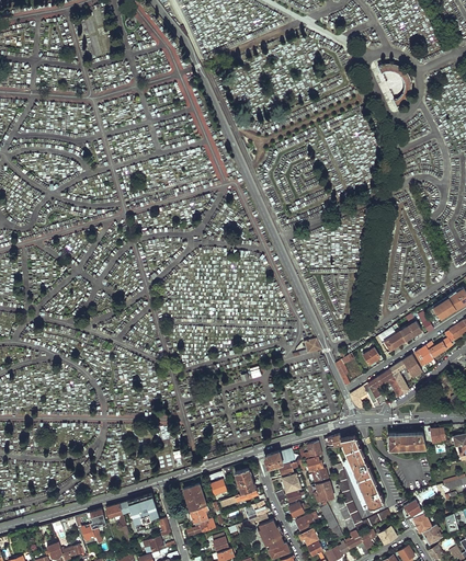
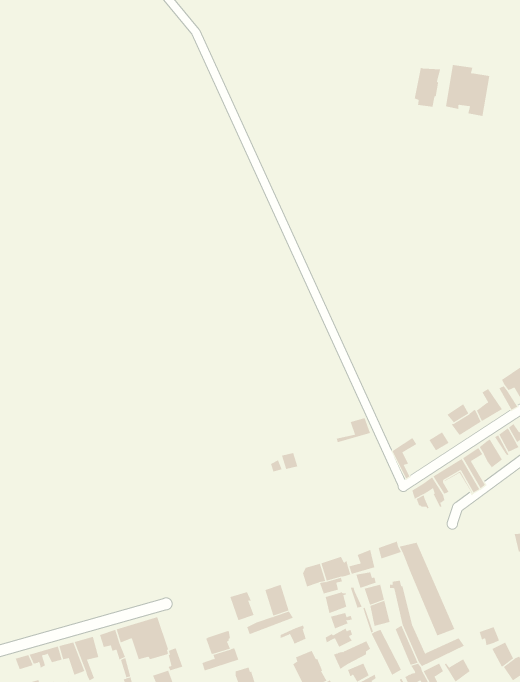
building: none -> [414,67,441,108]
building: [388,433,427,450] -> none
building: [182,482,206,511] -> none

